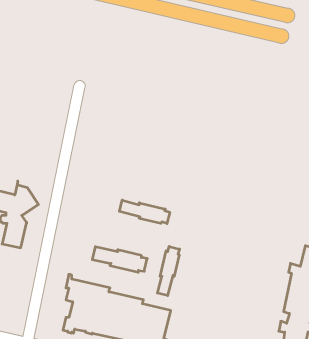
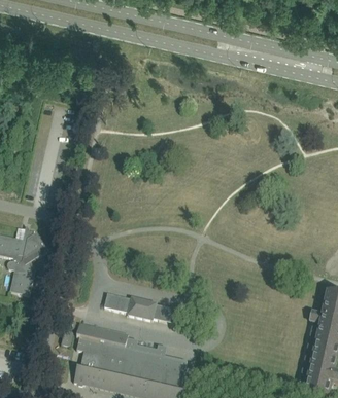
building: [119,200,170,224] -> none
building: [157,246,180,296] -> none

